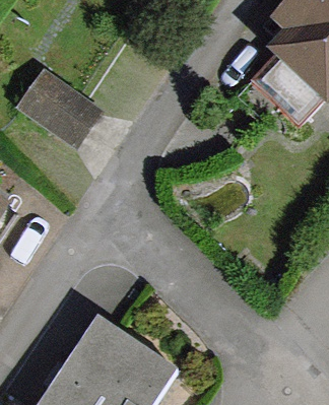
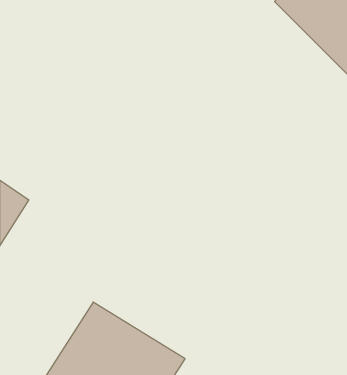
building: [21,66,108,142] -> none

